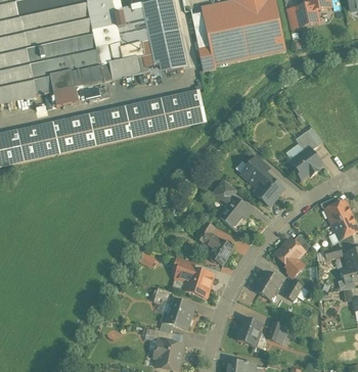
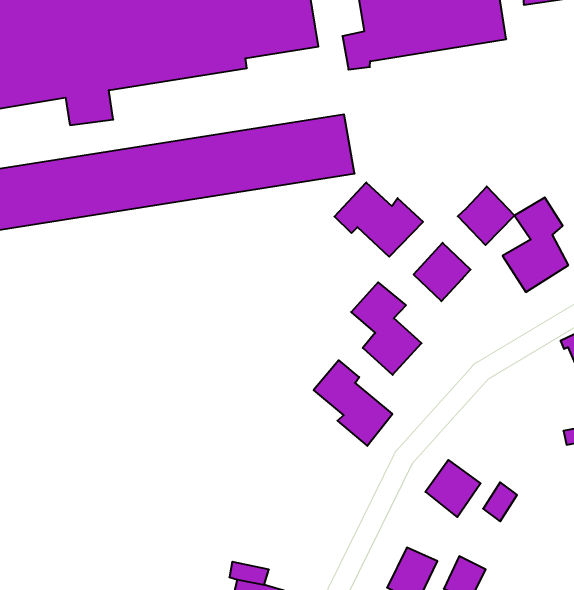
building: none -> [334,182,423,257]
building: [253,175,282,205] -> [458,186,514,245]
building: [275,235,306,278] -> none
building: [173,258,214,297] -> none
building: [161,299,195,329] -> none

